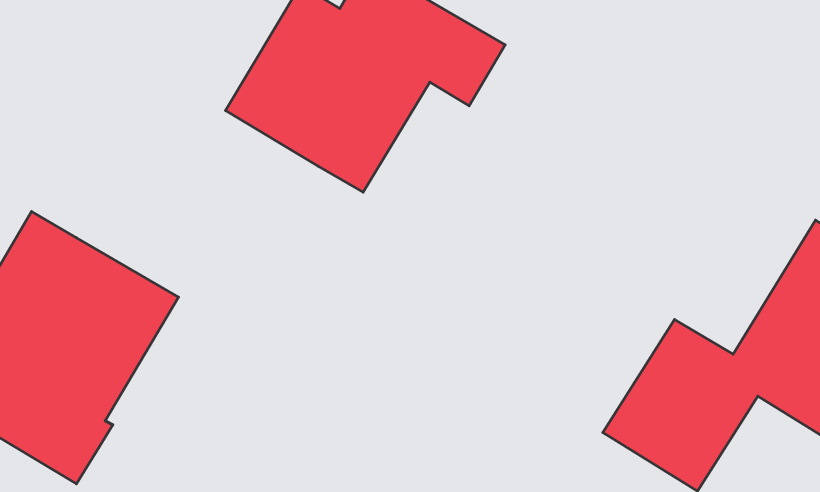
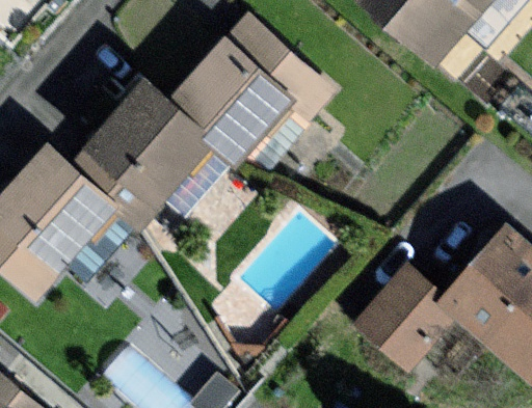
building: none -> [70,78,218,227]

